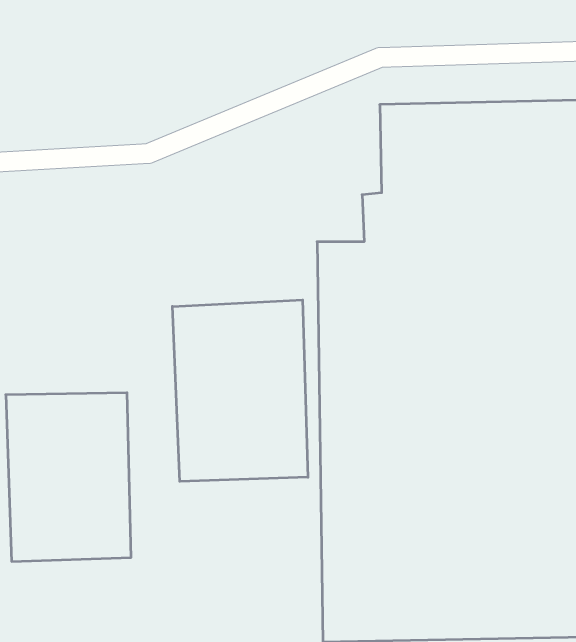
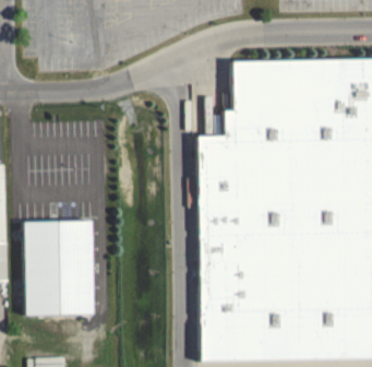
building: [172,300,308,481] -> none

